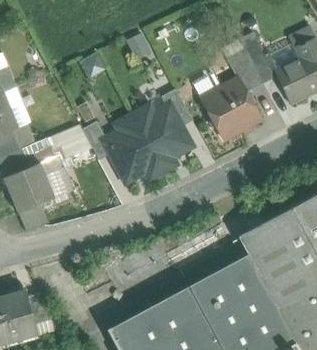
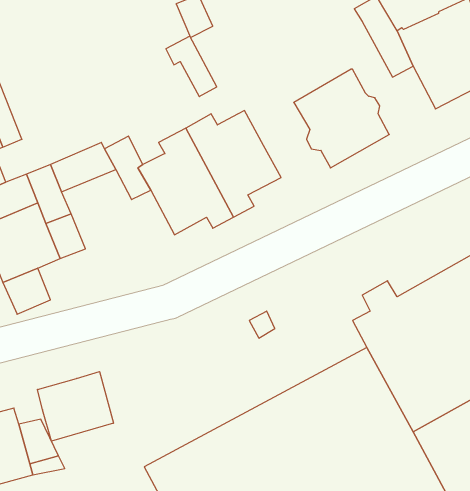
building: [226,49,263,94] -> none
building: [161,89,193,127] -> [166,36,217,97]
building: none -> [37,372,113,441]

